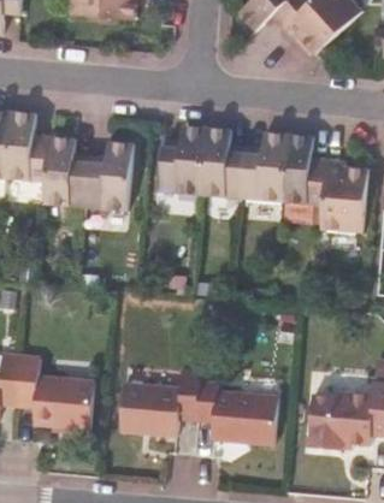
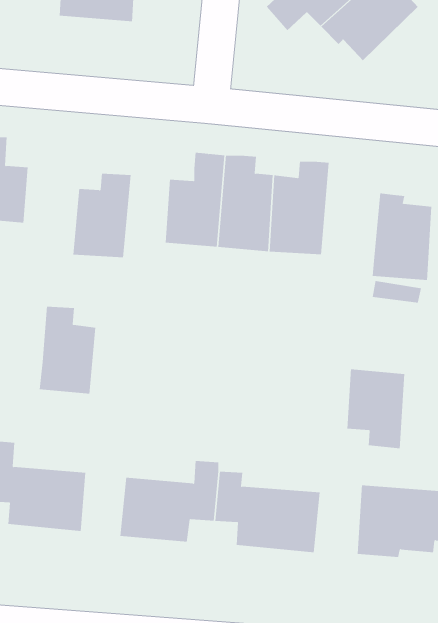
building: [282,134,327,212] -> none
building: [42,137,88,207] -> [39,306,96,394]
building: none -> [347,368,405,449]

